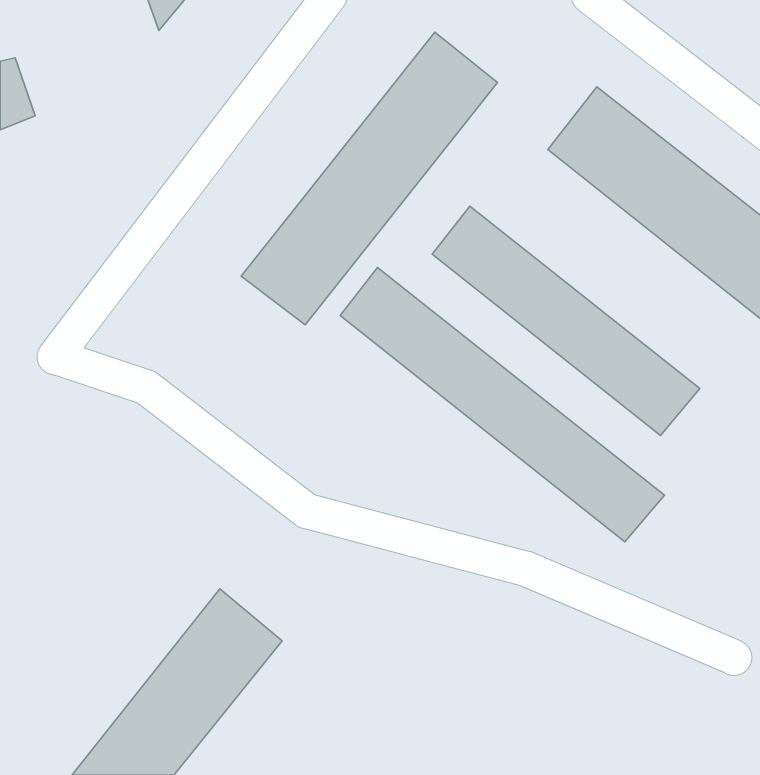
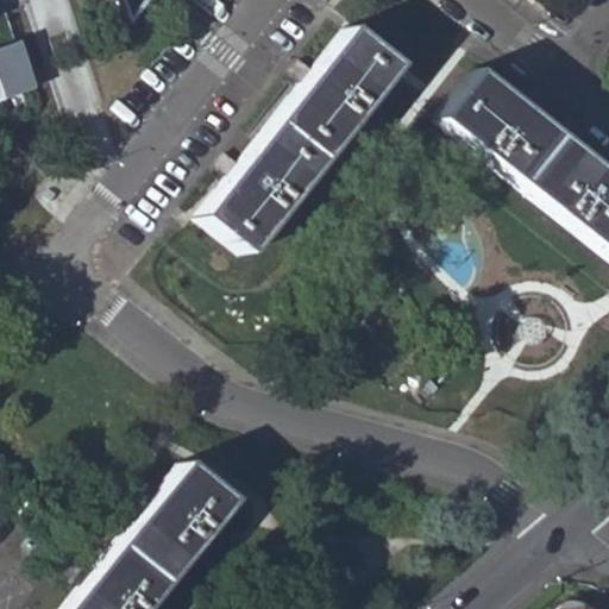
building: [432,206,700,435] -> none
building: [340,267,664,542] -> none

